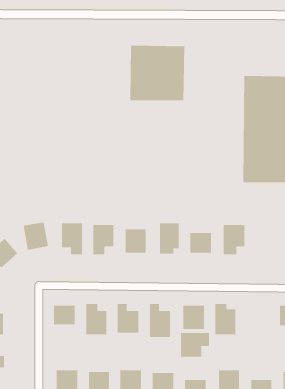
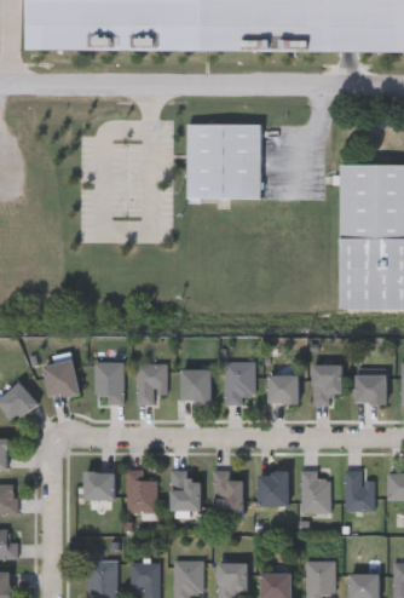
building: none -> [356,375,386,403]
building: none -> [346,471,375,511]
building: [181,332,209,357] -> none

